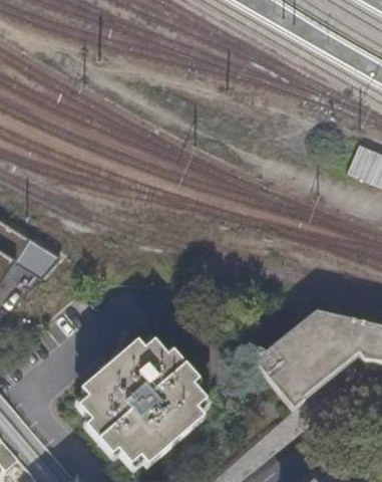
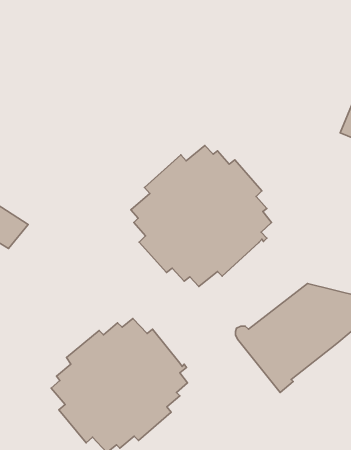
building: none -> [131,146,272,287]

